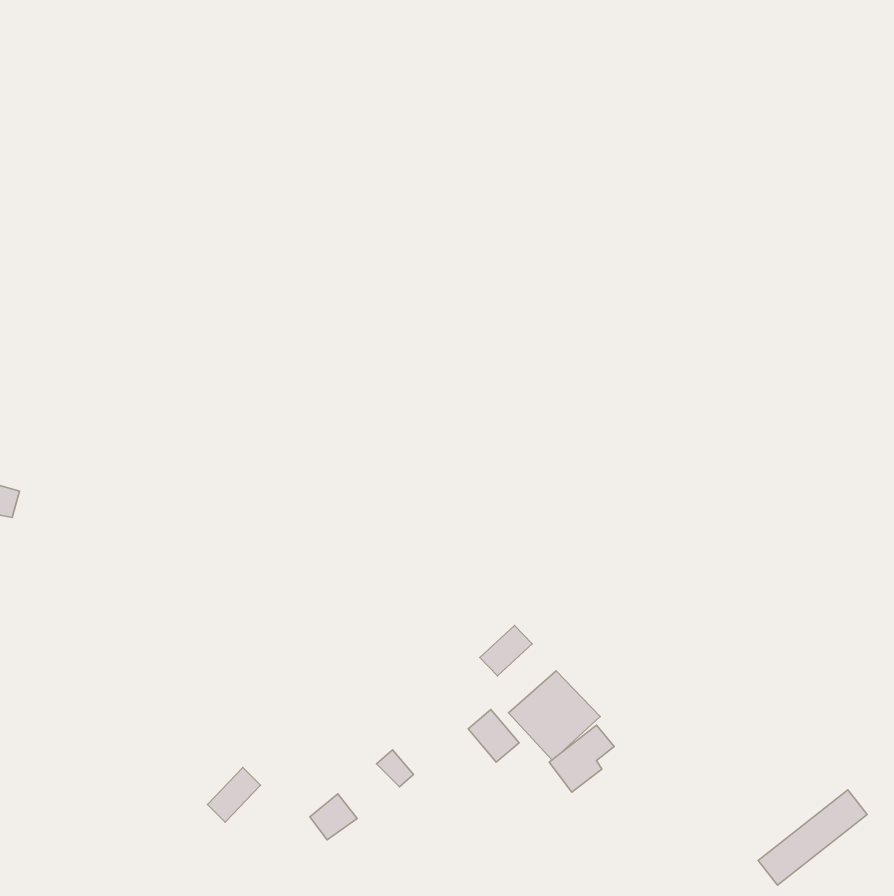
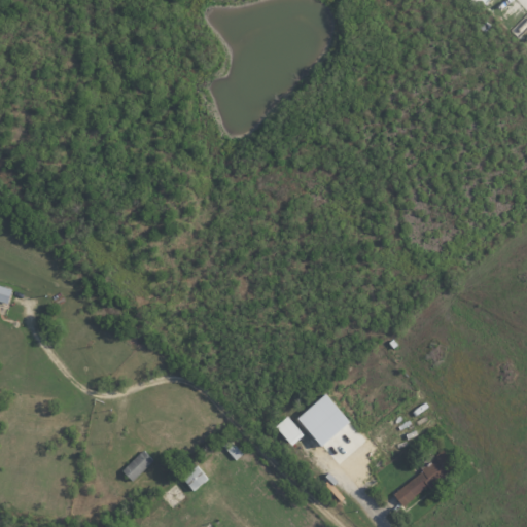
building: [480,625,532,676] -> none
building: [758,790,867,885] -> [392,453,456,508]

